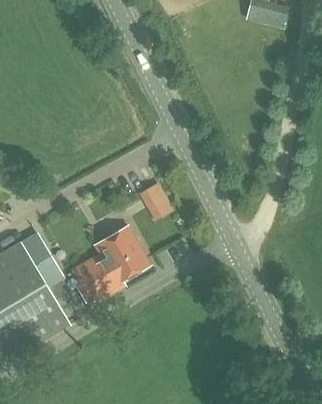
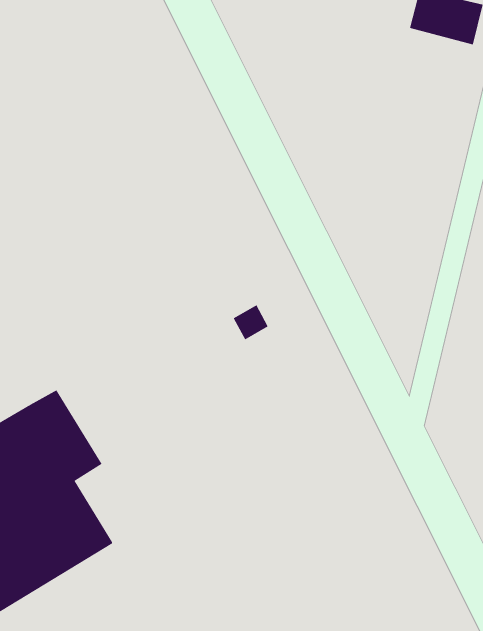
building: [75,228,149,302] -> none

